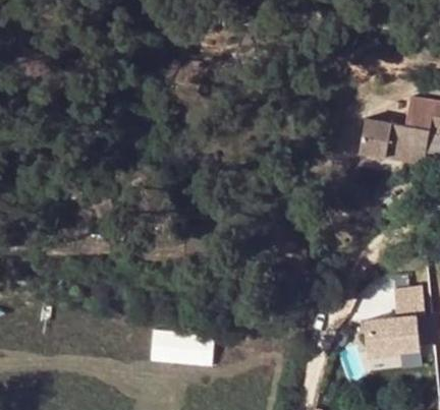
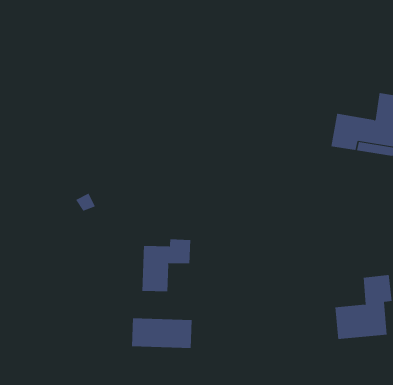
building: none -> [142,239,191,292]

